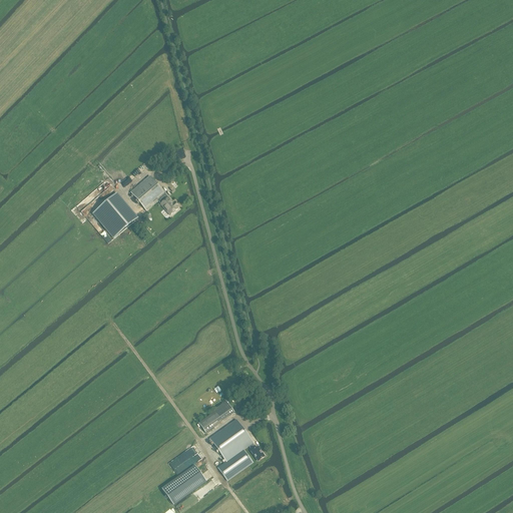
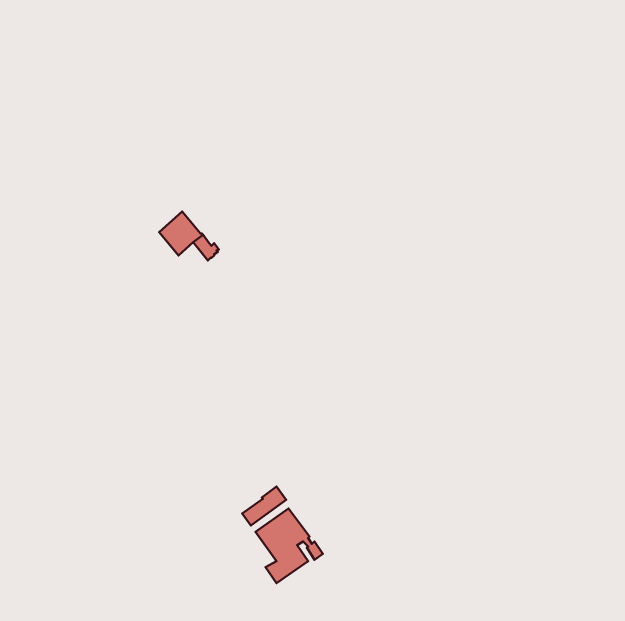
building: [93,193,135,236] -> none
building: [162,463,206,503] -> none

